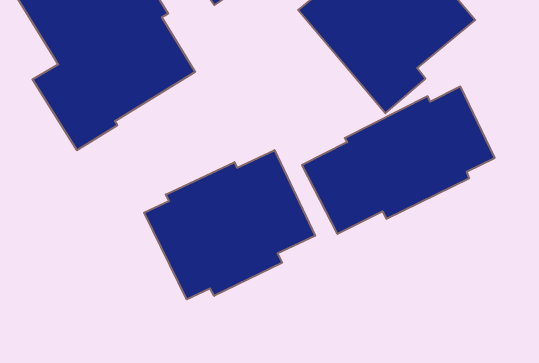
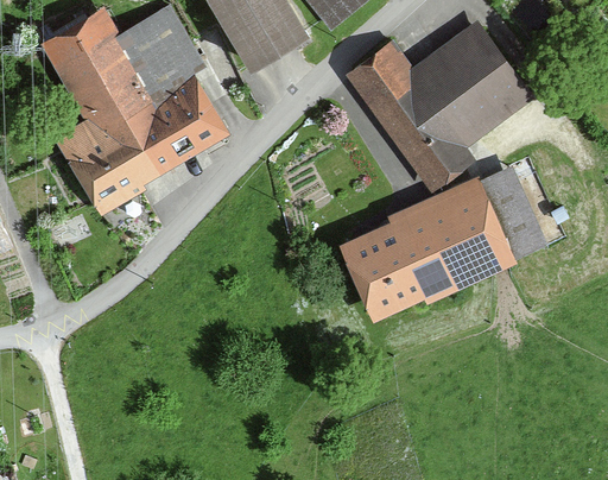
building: [144,150,315,299] -> none

